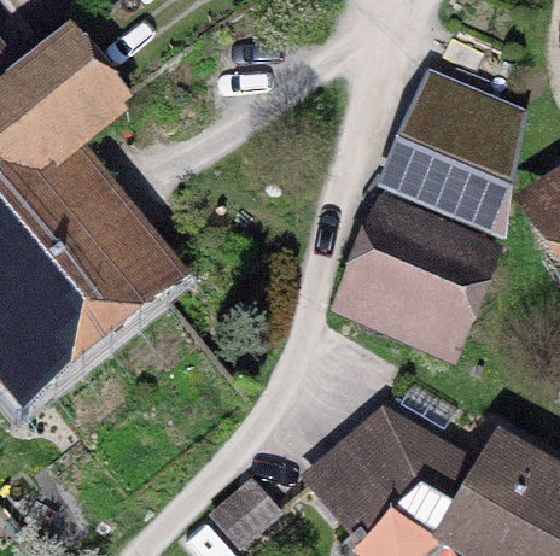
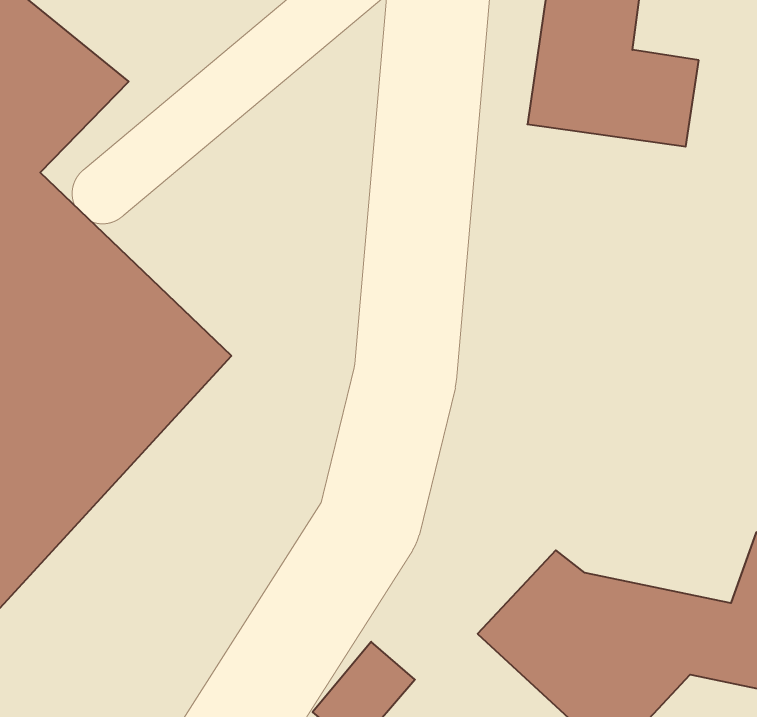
building: [356,165,486,316] -> none

